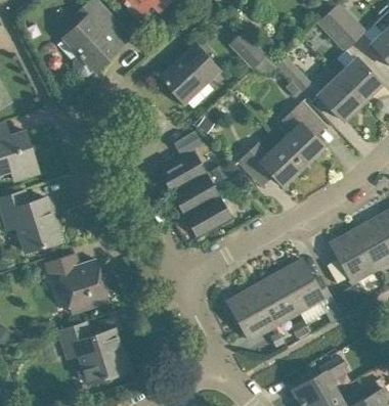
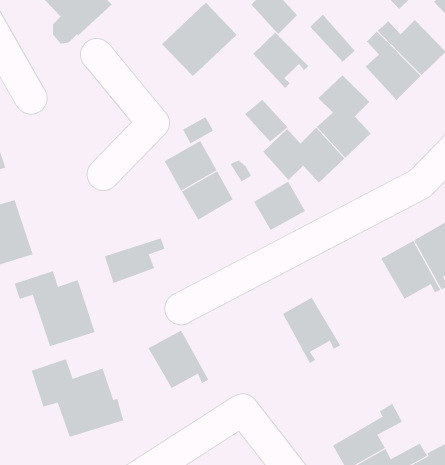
building: none -> [253,32,309,89]
building: none -> [244,99,288,142]
building: [187,198,228,237] -> [253,181,306,231]
building: none -> [104,237,165,284]
building: [276,260,326,312] -> none
building: [226,287,274,333] -> [147,330,209,389]

